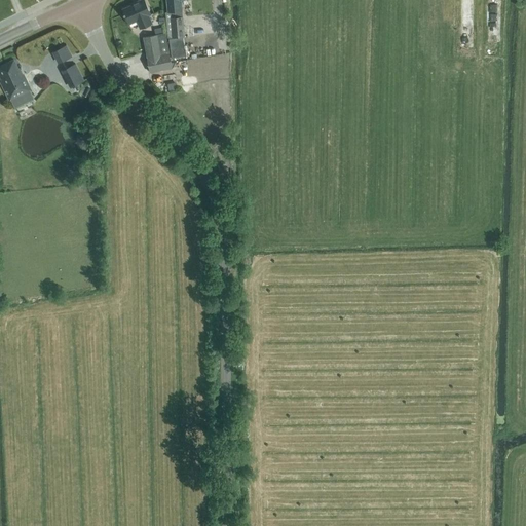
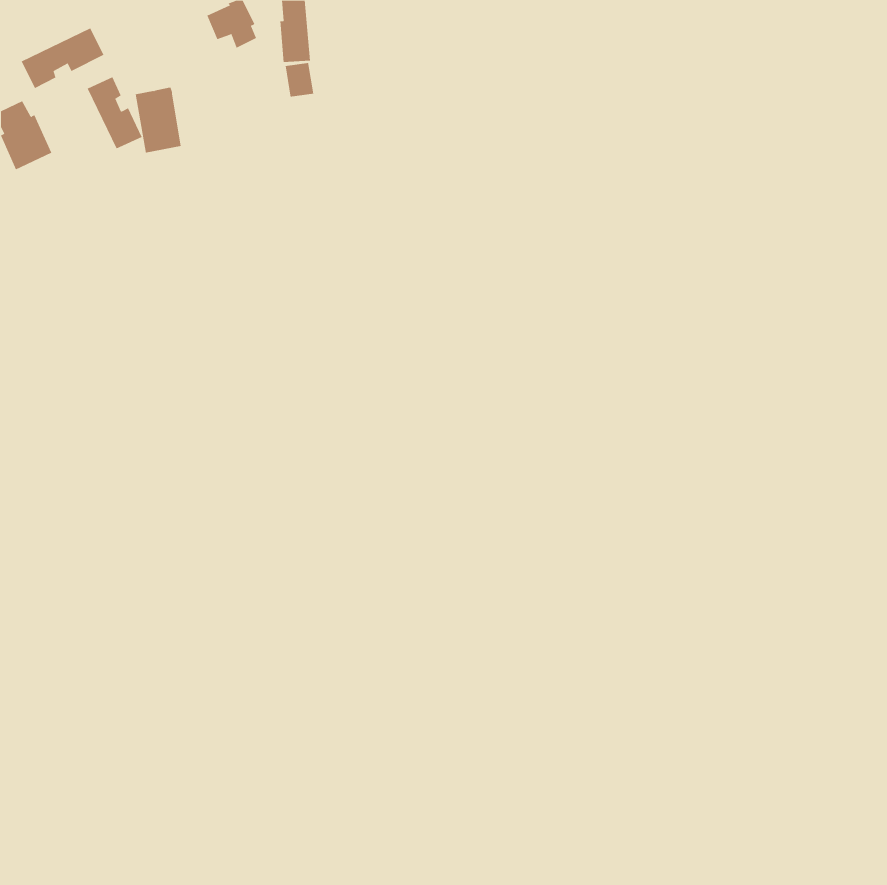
building: none -> [21,28,104,89]
building: [144,34,172,73] -> [135,87,182,153]

